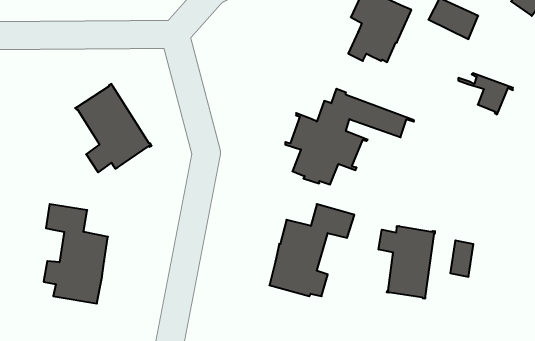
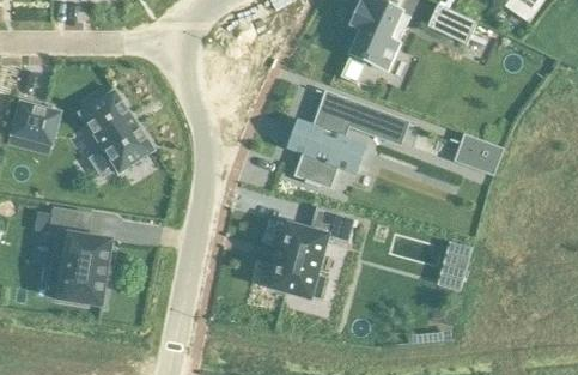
building: [458,73,513,114] -> [448,133,501,174]
building: none -> [8,101,59,145]
building: [379,226,435,299] -> none

